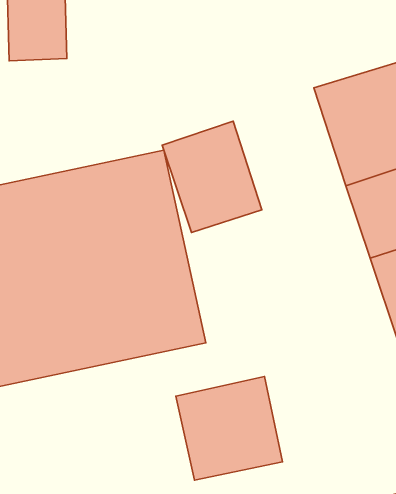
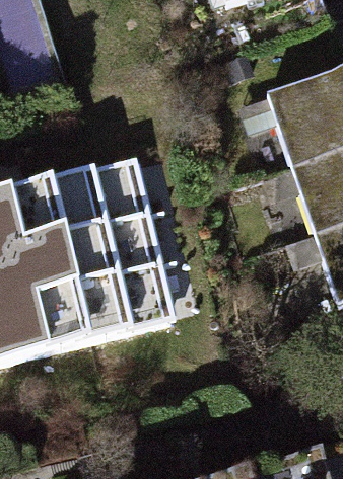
building: [162,121,262,232] -> none
building: [176,376,282,480] -> none

